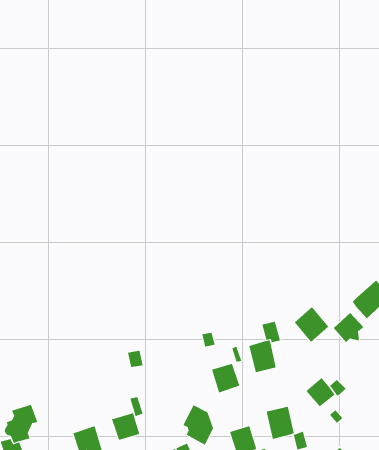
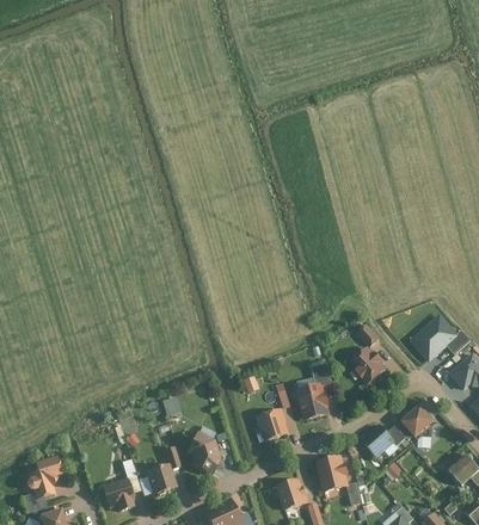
building: [333,312,364,343] -> [401,403,436,438]
building: [183,405,214,445] -> [185,430,220,475]

